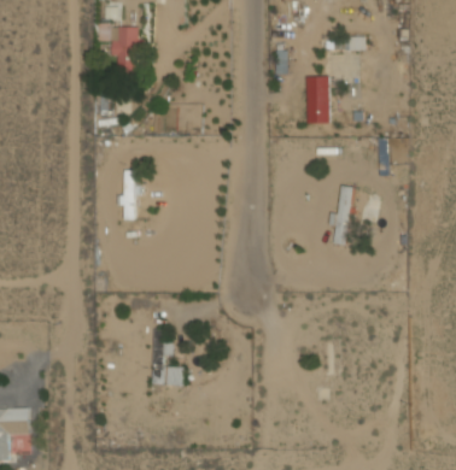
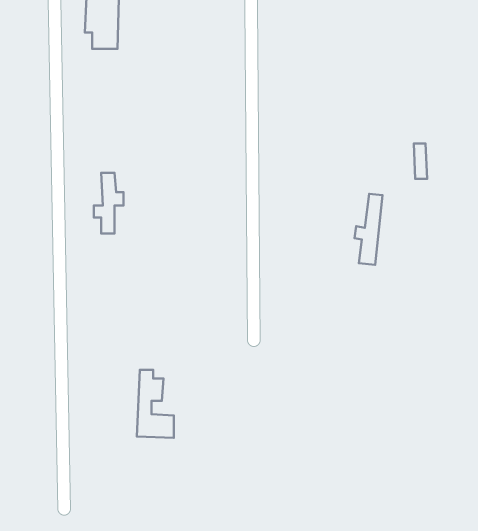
building: [306,77,329,123] -> none

